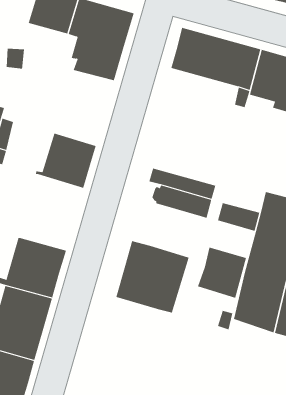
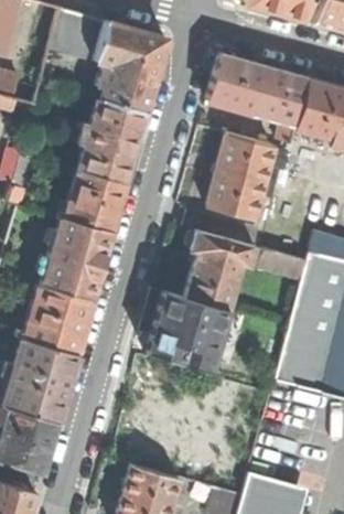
building: none -> [79,100,147,185]
building: none -> [211,133,275,218]
building: none -> [41,217,112,301]
building: [197,247,247,299] -> [186,251,241,309]

